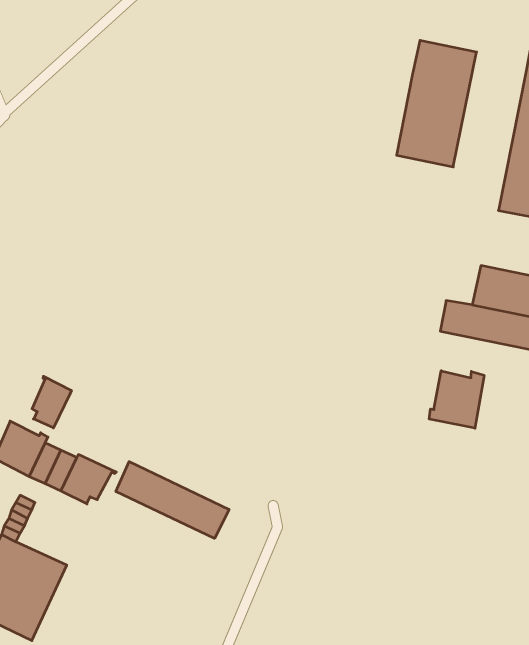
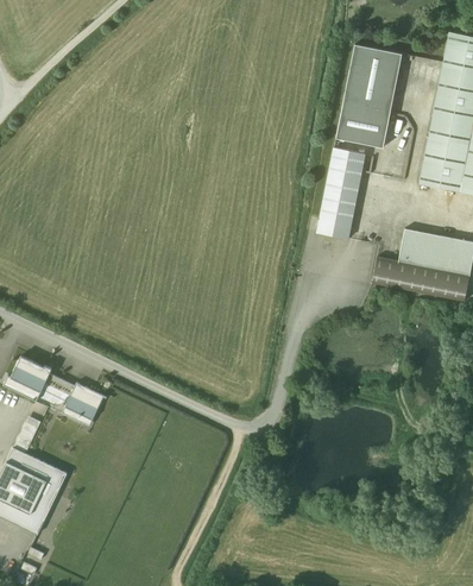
building: none -> [317,147,365,239]
building: [429,371,484,428] -> none
building: [32,376,71,428] -> none
building: [116,462,229,538] -> none

